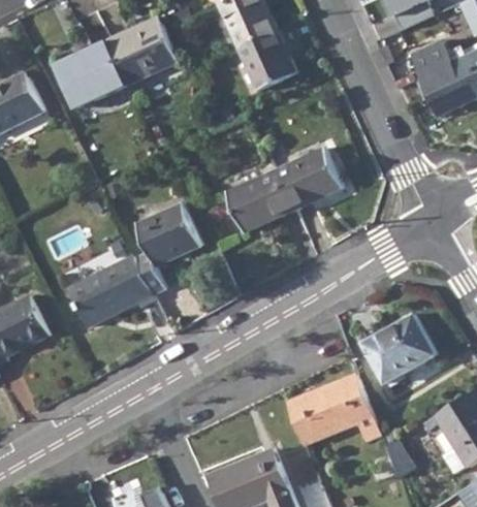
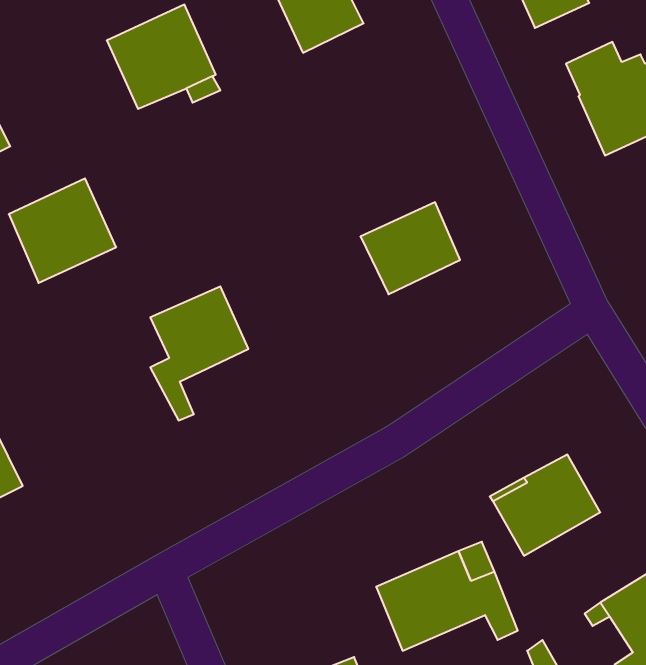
building: [236,29,296,91] -> none
building: [56,40,127,109] -> [9,178,116,283]
building: [225,170,293,231] -> none
building: [70,254,156,326] -> none

